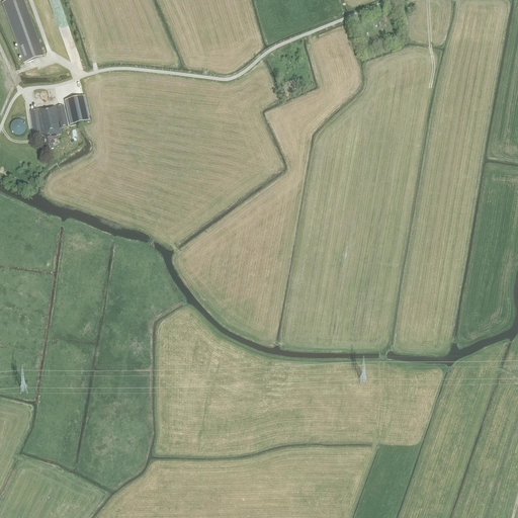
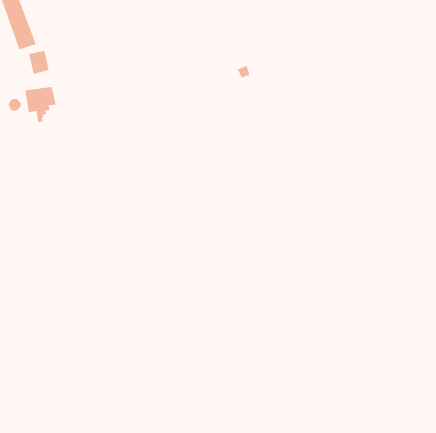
building: [63,93,88,122] -> [28,50,49,75]

